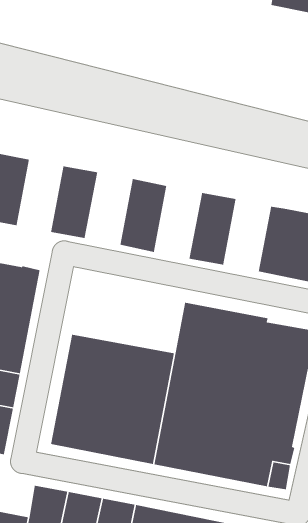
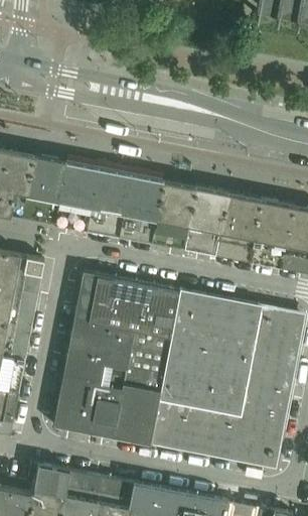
building: none -> [22,155,65,225]
building: none -> [87,167,131,237]
building: none -> [152,180,196,250]
building: none -> [217,192,262,262]
building: none -> [73,271,180,339]

